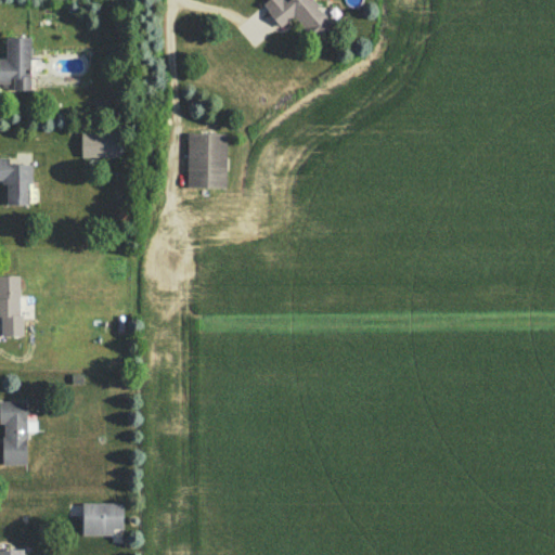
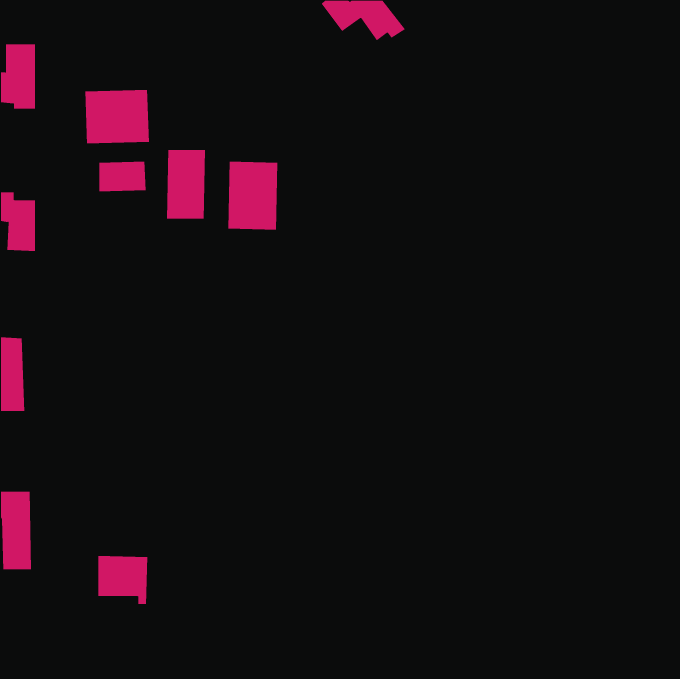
building: none -> [85,89,149,144]
building: none -> [166,149,206,220]
building: [81,502,122,542] -> [97,555,148,605]

